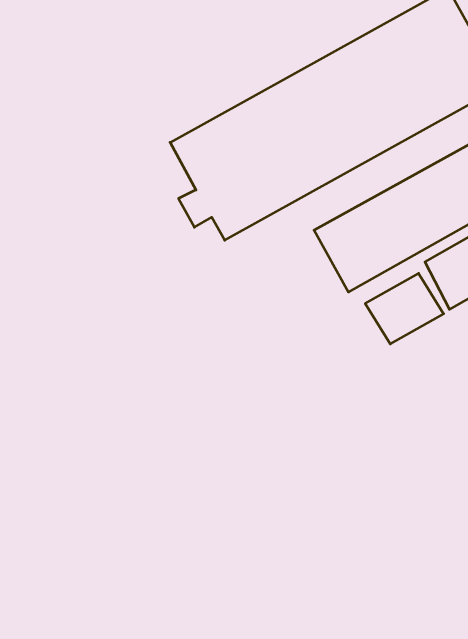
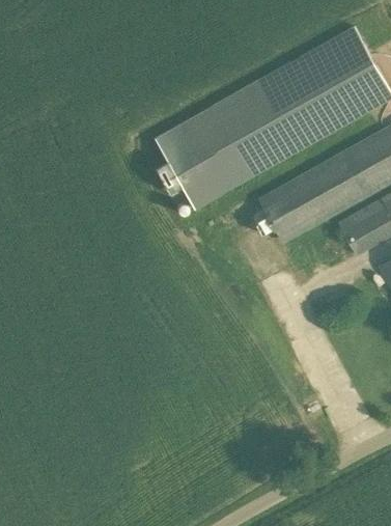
building: [365,273,444,344] -> none

